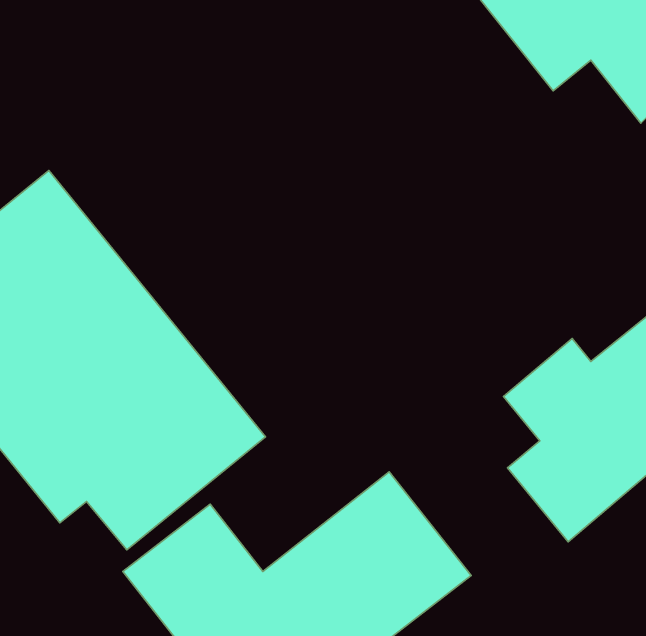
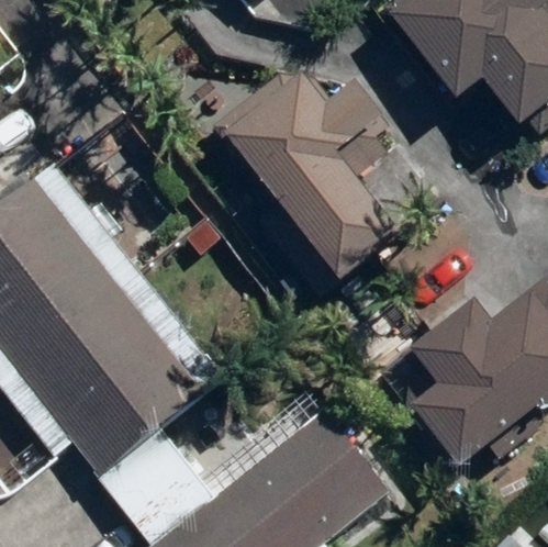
building: none -> [222,40,409,282]

